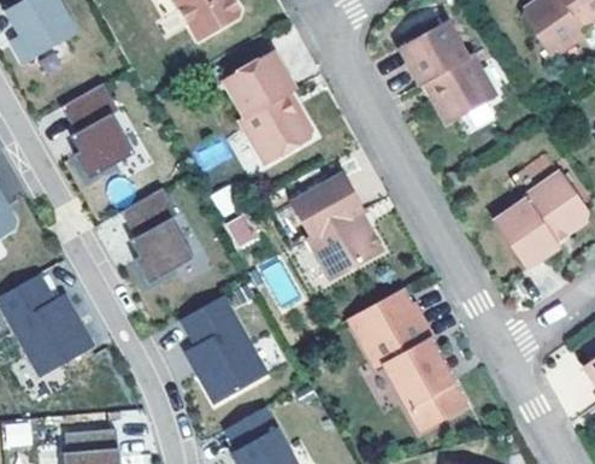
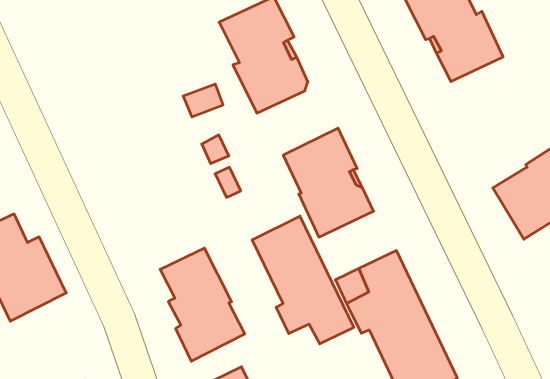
building: [60,82,135,180] -> none
building: [120,187,194,283] -> none
building: none -> [252,216,354,344]

